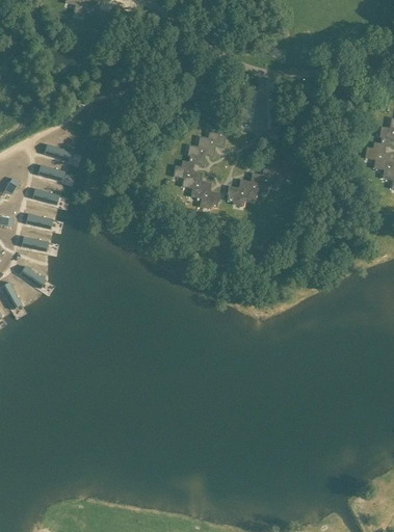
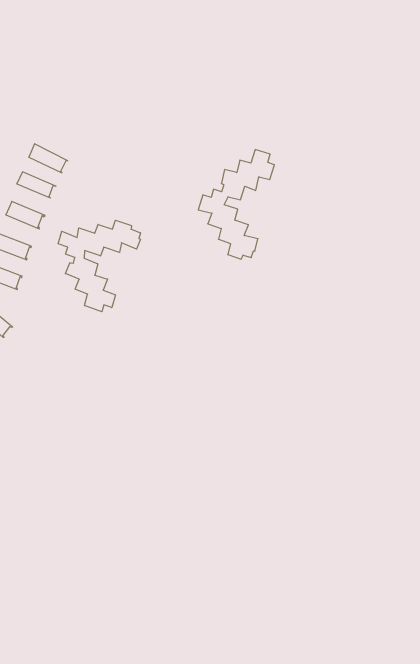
building: [228,158,292,205] -> none
building: none -> [58,220,140,312]

